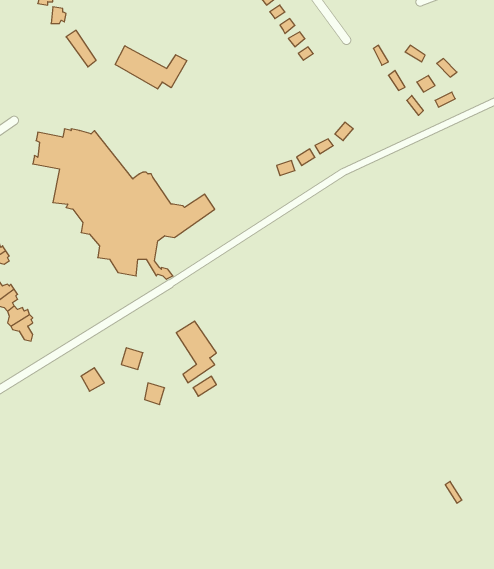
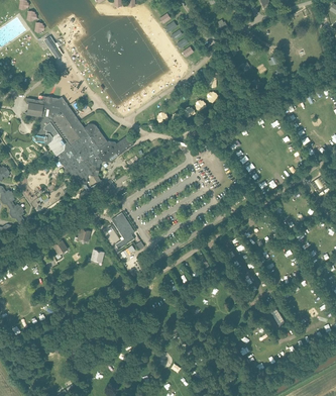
building: [115,46,187,89] -> none

